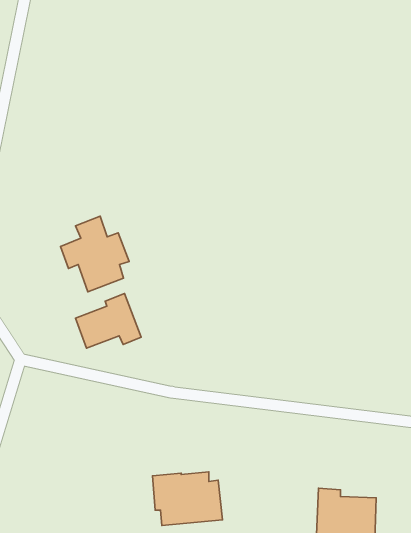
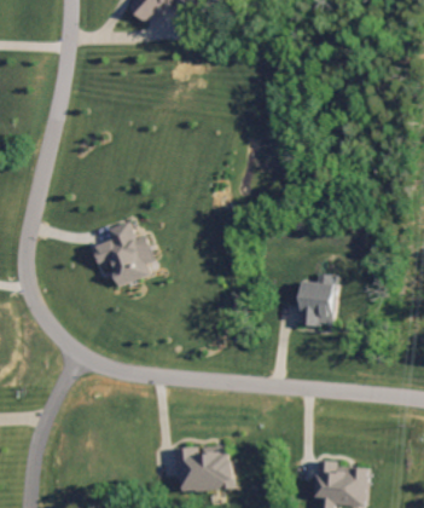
building: none -> [298,272,338,327]
building: [75,294,141,348] -> none

